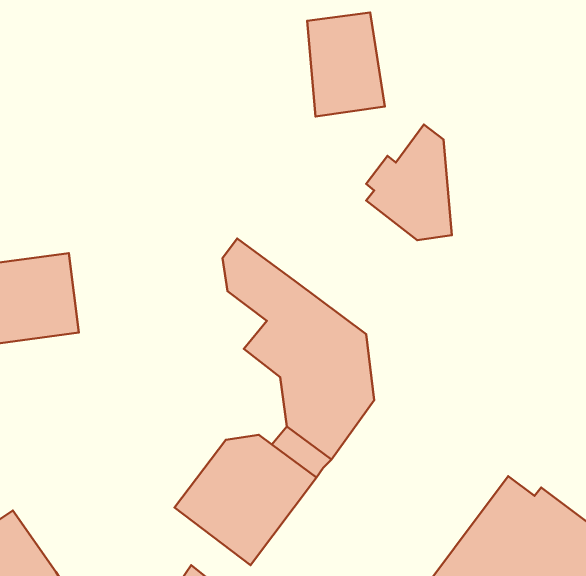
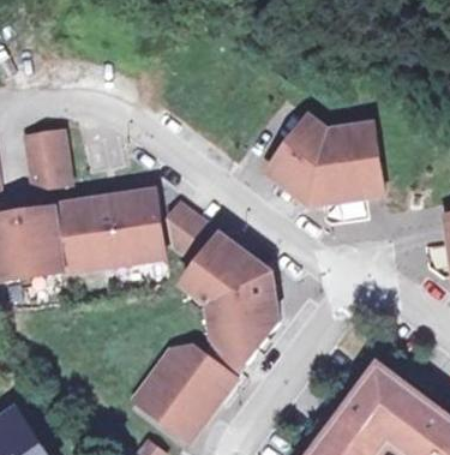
building: [307,12,385,116] -> [328,125,384,200]
building: none -> [25,131,68,187]
building: none -> [54,190,164,271]

